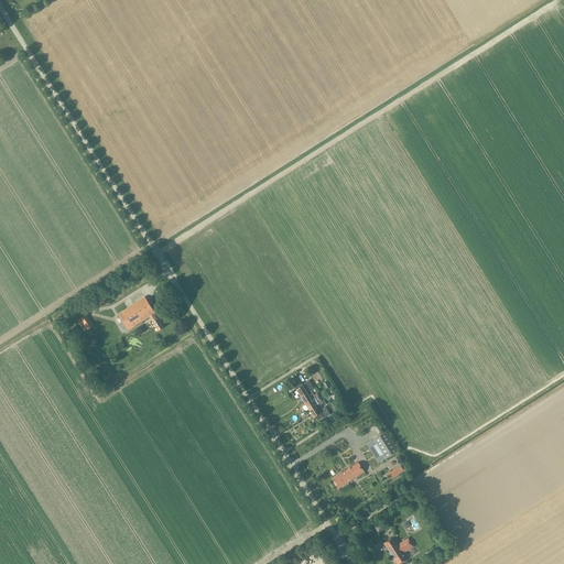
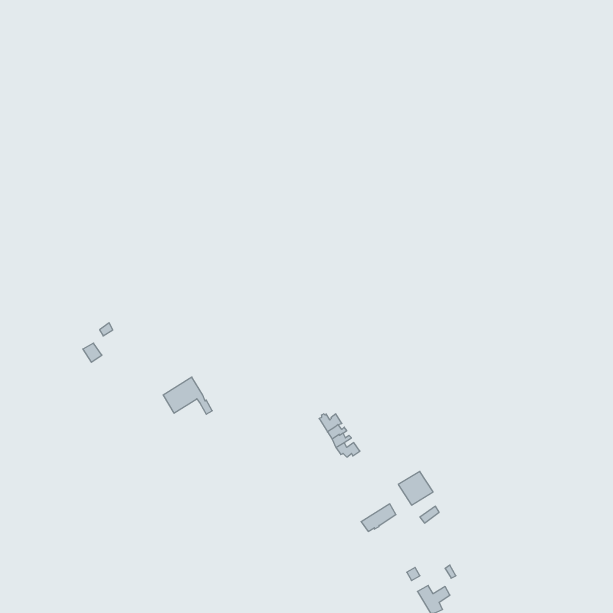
building: [118,297,163,332] -> [163,377,212,414]

